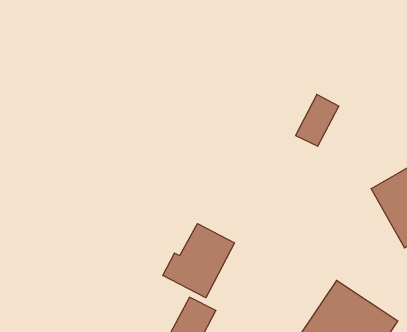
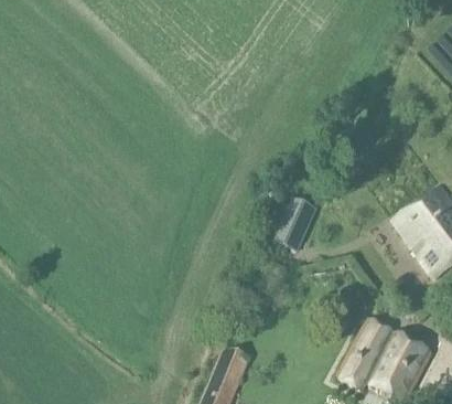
building: [296,94,339,146] -> [275,200,315,252]
building: [163,224,234,298] -> none

